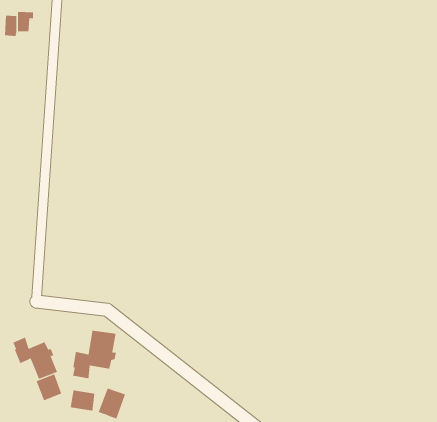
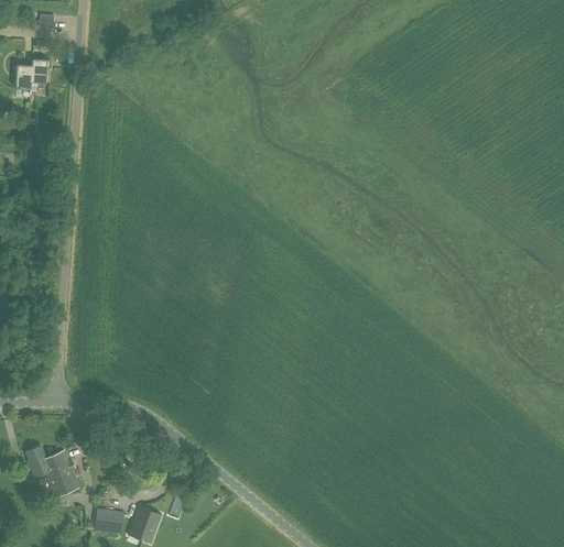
building: [73,330,116,379] -> none
building: [36,373,62,401] -> none

